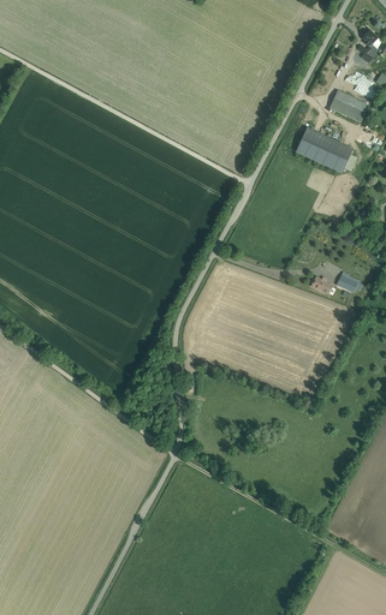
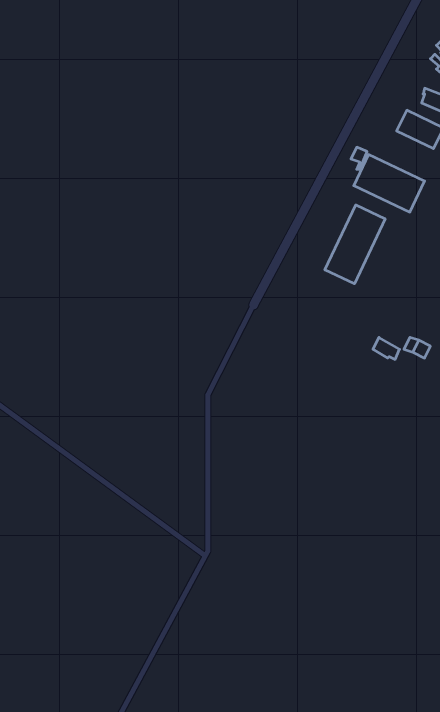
building: none -> [325,205,385,284]

